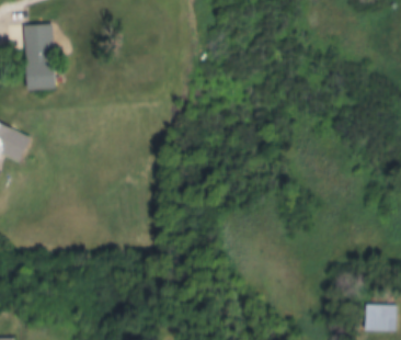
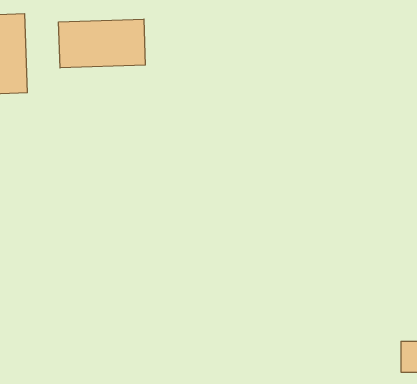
building: none -> [59,19,145,68]

